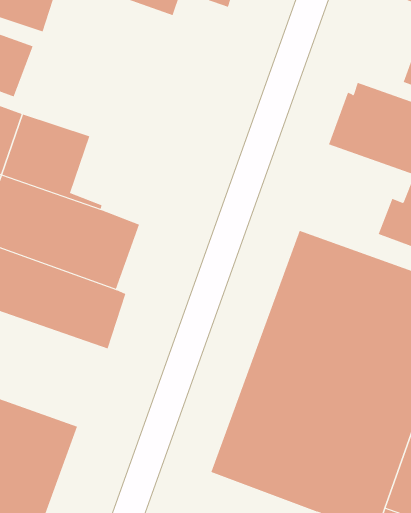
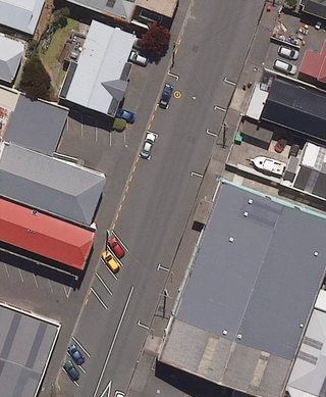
building: none -> [58,18,135,115]

